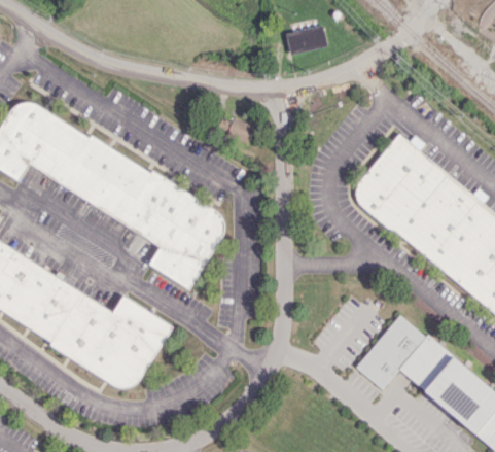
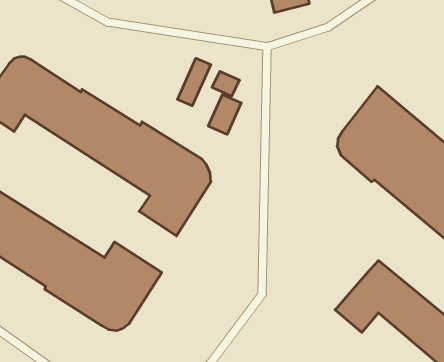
building: none -> [177,58,211,106]
building: none -> [208,95,241,134]

